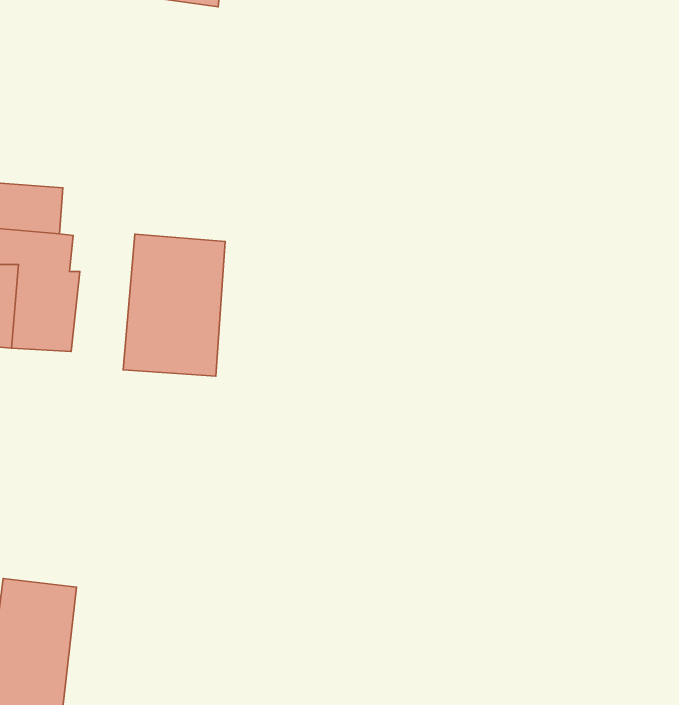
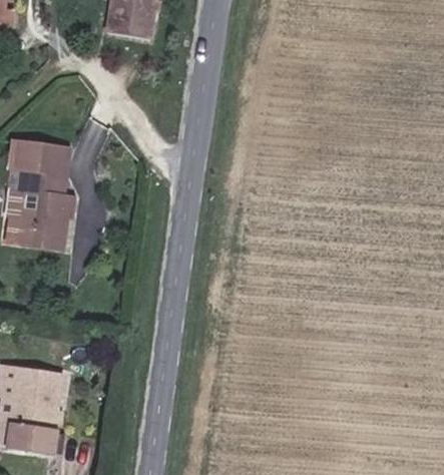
building: [123,234,225,376] -> none

